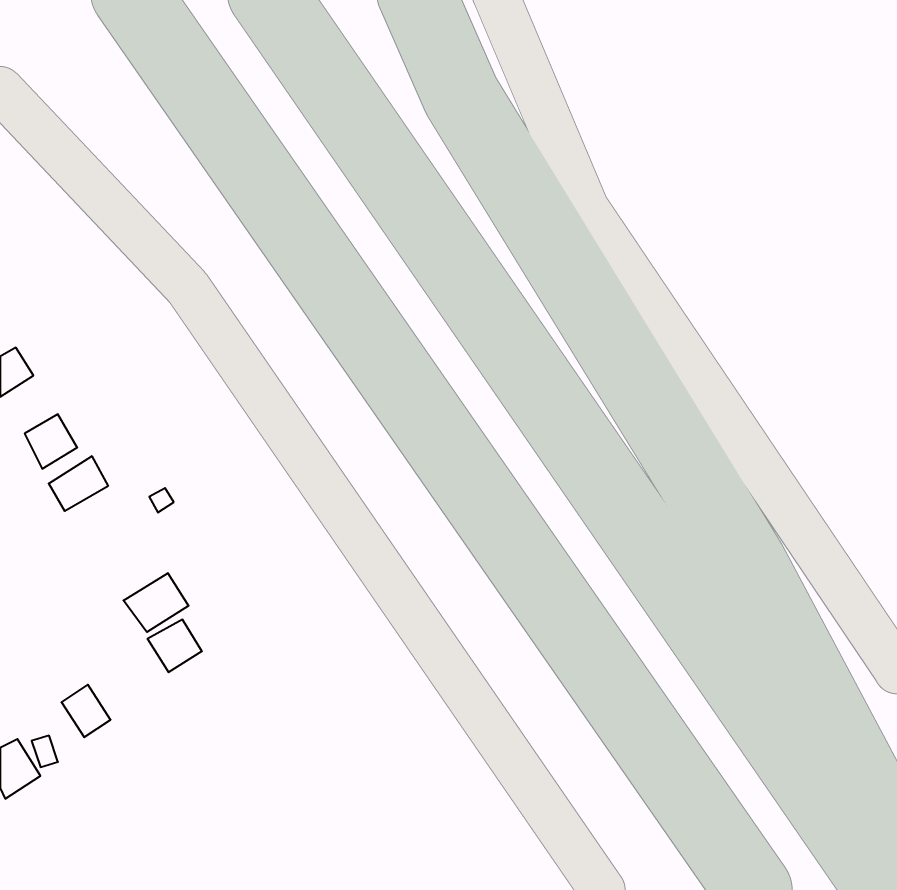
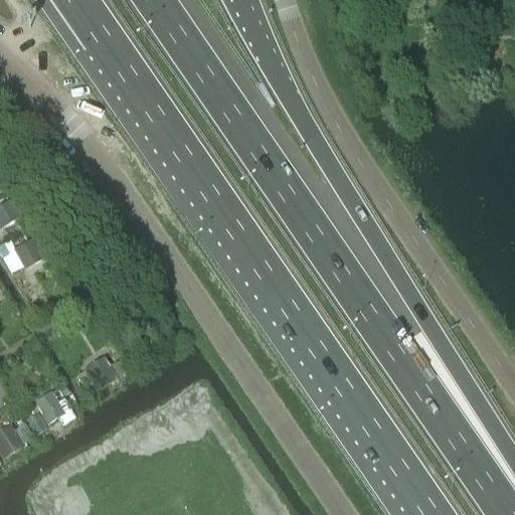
building: [49,456,108,511] -> none
building: [123,573,189,632] -> none

